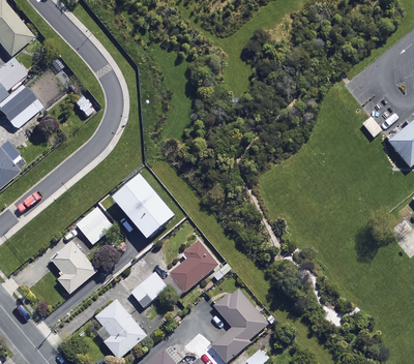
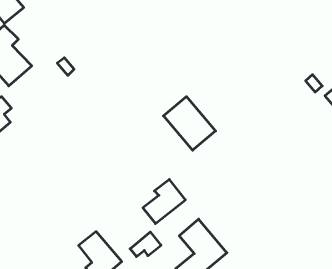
building: [117,178,178,241] -> [163,97,216,150]
building: [77,207,115,244] -> none
building: [53,241,98,294] -> none
building: [132,272,169,301] -> [130,232,161,257]

